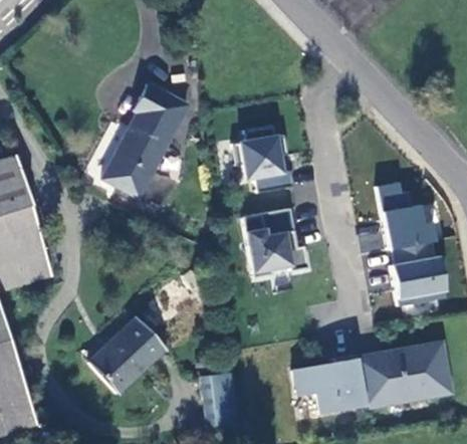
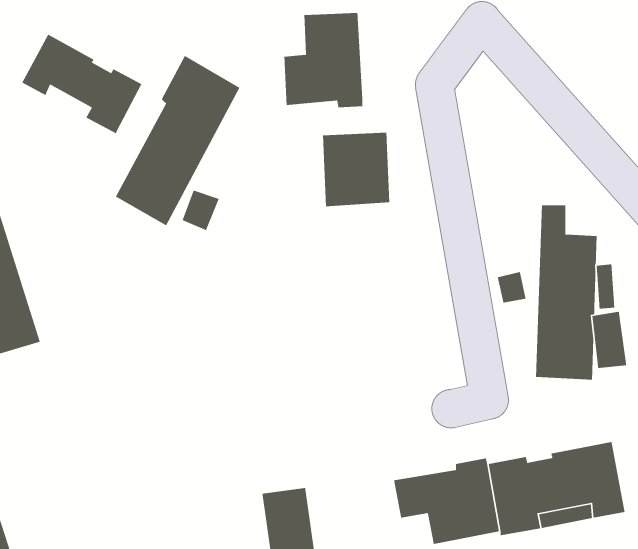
building: none -> [284,12,363,108]
building: none -> [21,34,142,135]
building: [242,209,307,277] -> none
building: [88,318,164,393] -> none

